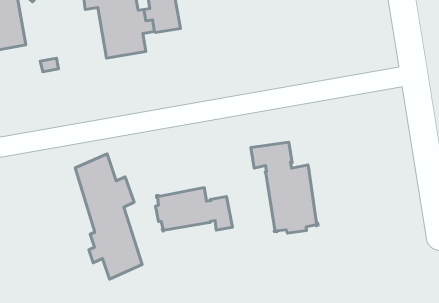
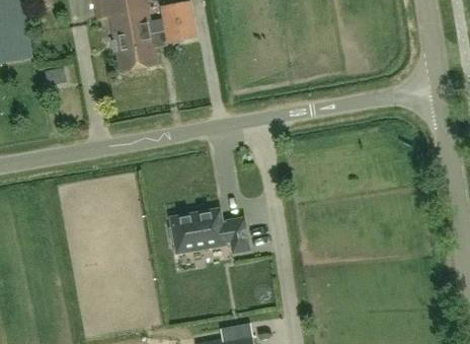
building: [251,142,318,233] -> none
building: [75,154,142,279] -> none

